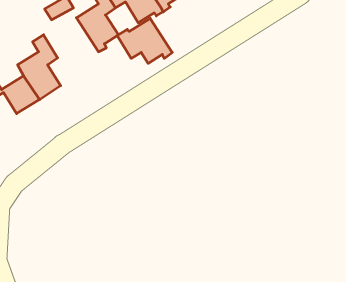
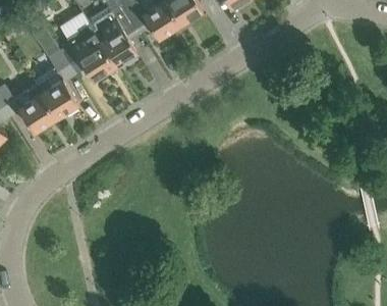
building: [117,18,172,63] -> [60,35,116,81]

